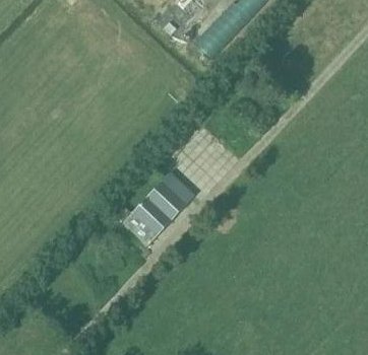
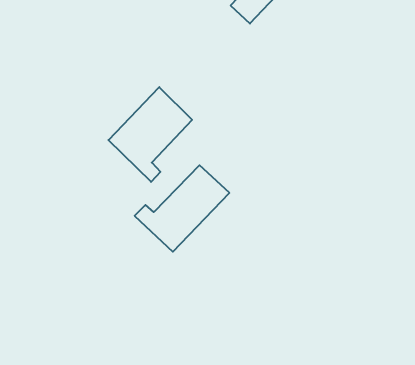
building: none -> [108,87,192,182]

